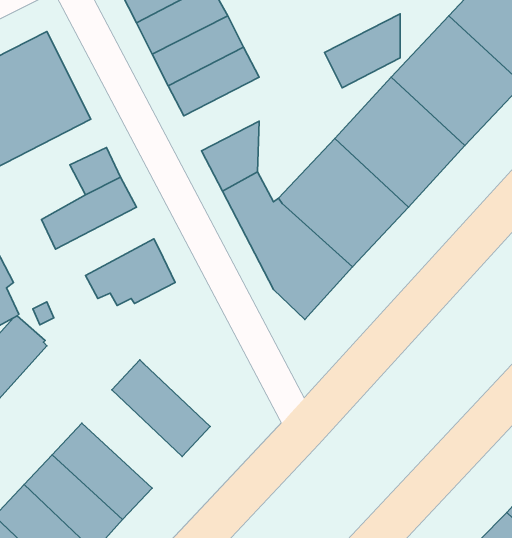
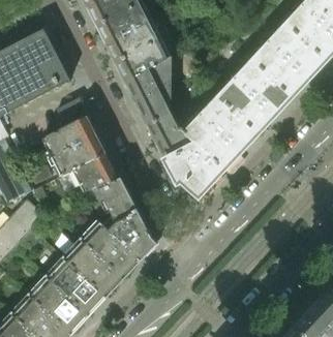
building: [324,14,400,88] -> [124,56,169,99]
building: none -> [32,132,107,186]
building: none -> [90,177,156,262]
building: none -> [64,240,123,298]

